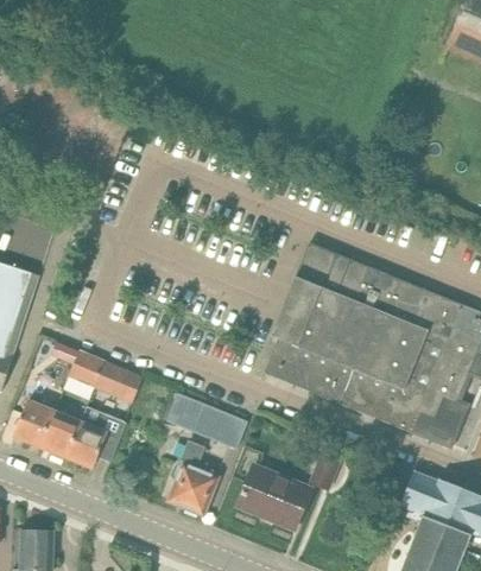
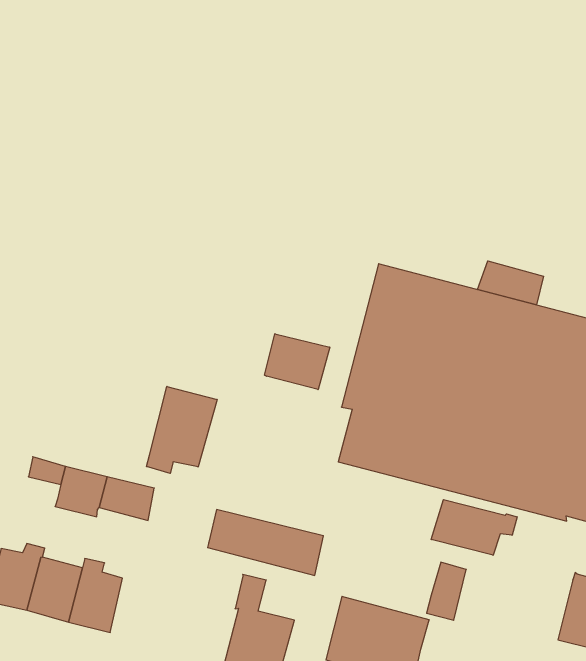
building: none -> [478,261,544,305]
building: none -> [265,334,330,390]
building: none -> [147,386,217,473]
building: none -> [431,500,517,555]

